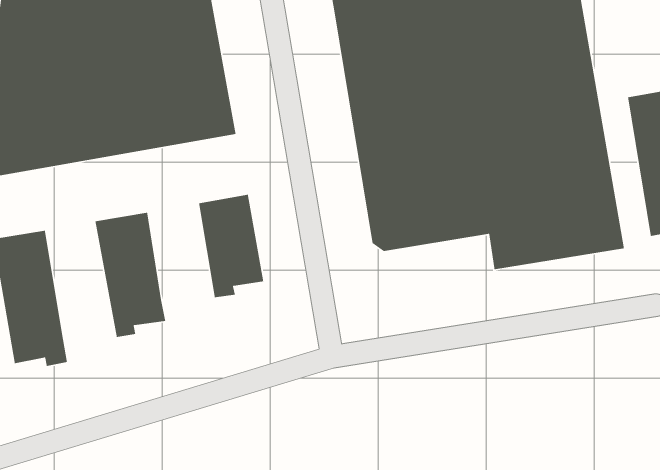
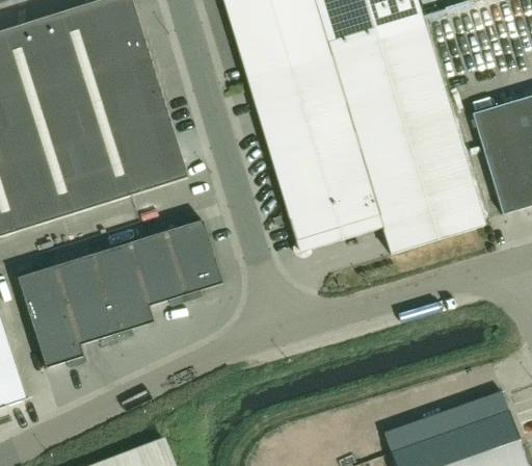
building: none -> [129,231,186,306]
building: none -> [55,254,117,344]

